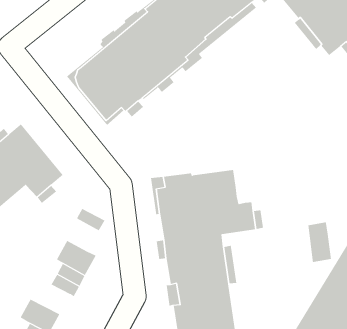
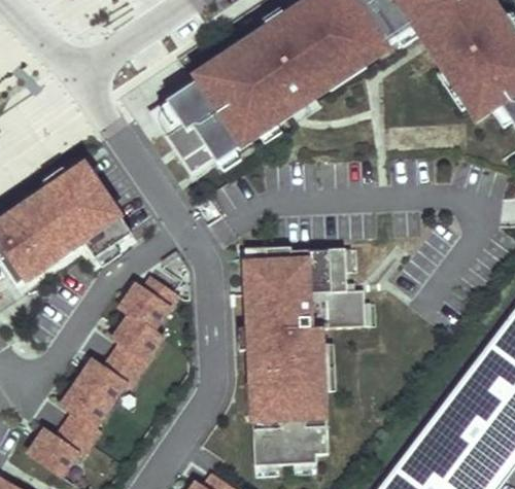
building: none -> [119,283,170,330]
building: [308,221,332,263] -> none
building: none -> [76,359,127,405]

